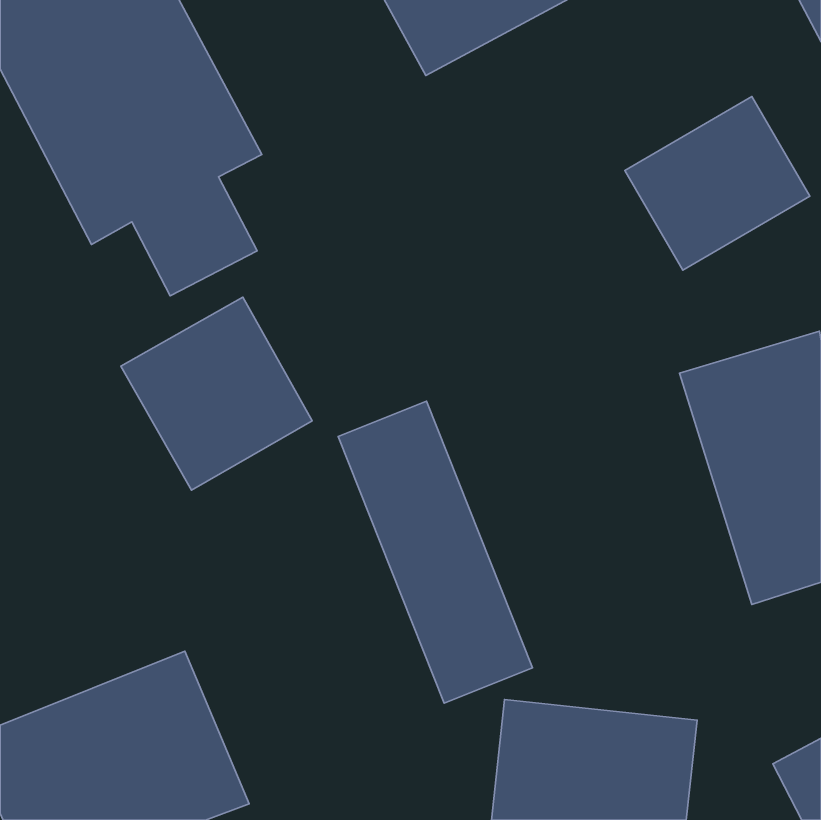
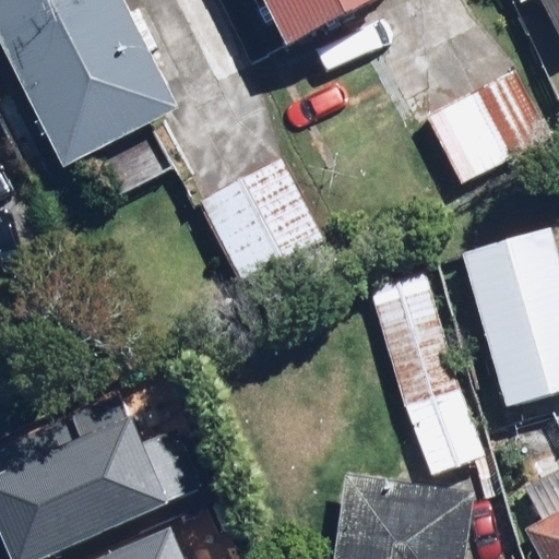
building: [121,297,312,490] -> [198,155,328,286]
building: [338,401,533,703] -> [359,270,491,475]

